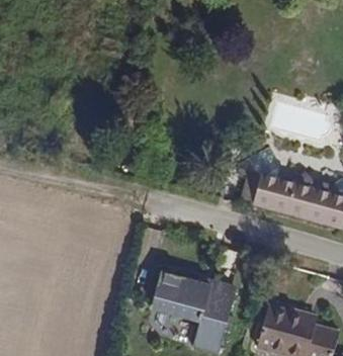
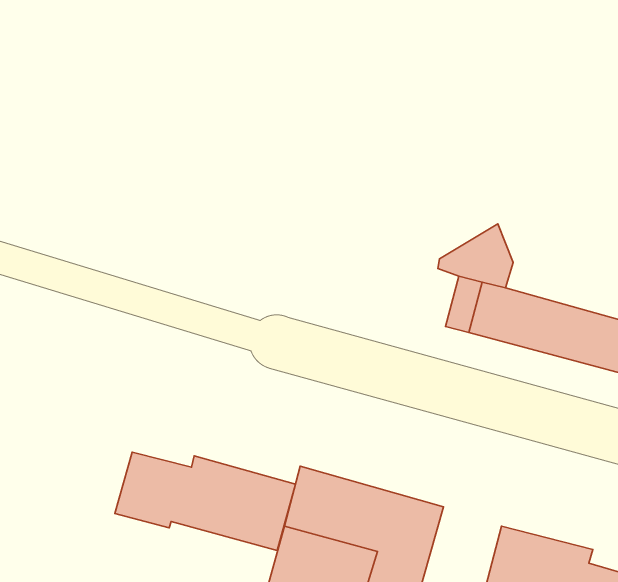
building: none -> [115,452,295,550]

